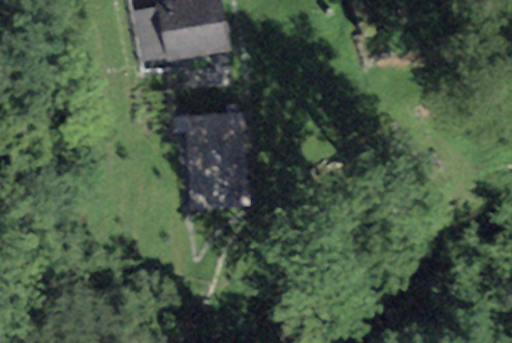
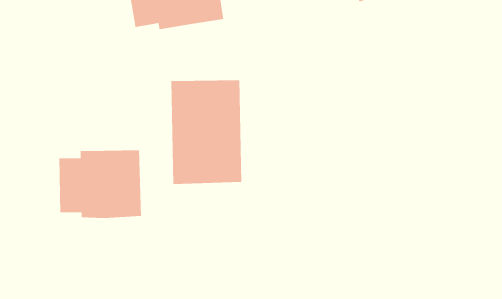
building: none -> [59,149,142,219]

